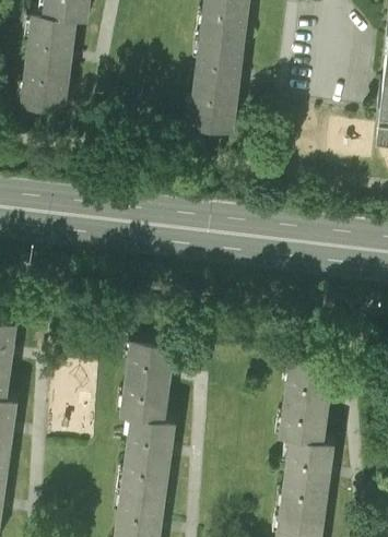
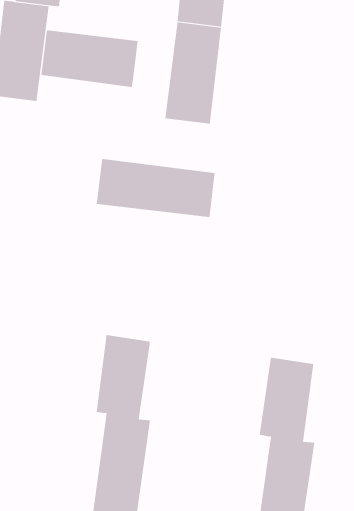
building: none -> [41,30,138,88]
building: none -> [96,158,215,218]

